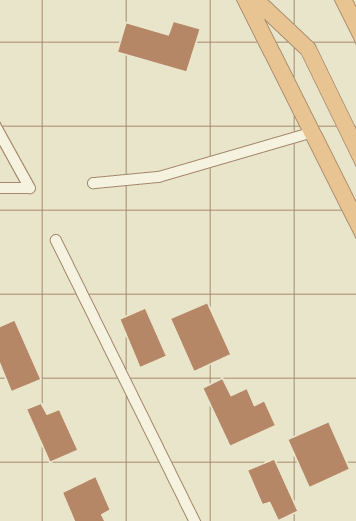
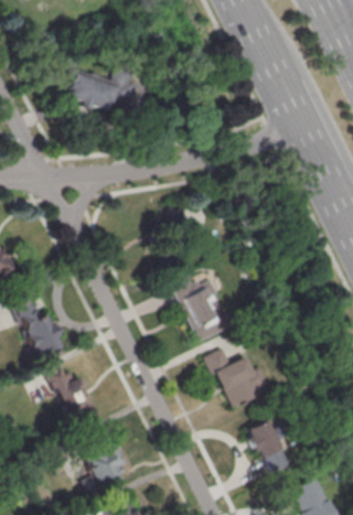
building: [117,21,200,72] -> [66,71,140,116]
building: [119,308,167,368] -> none
building: [287,422,350,488] -> none

